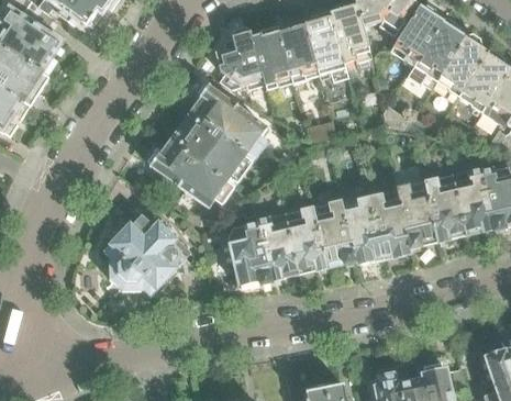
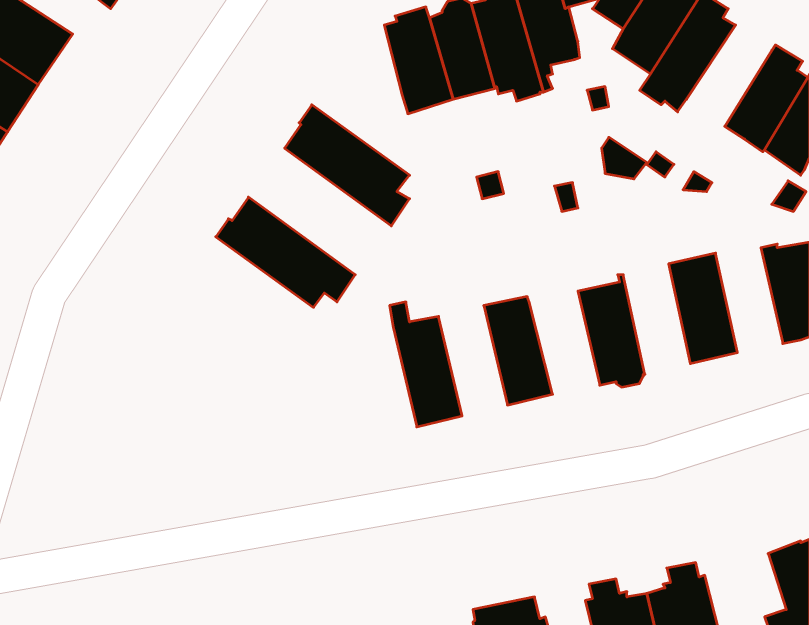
building: [214,27,263,89] -> none
building: [435,34,487,98] -> none
building: [169,111,256,194] -> none
building: [453,169,493,235] -> none
building: [397,181,437,248] -> none
building: [340,198,382,264] -> none
building: [285,207,326,274] -> none
building: [110,214,186,291] -> none
building: [225,220,271,288] -> none

